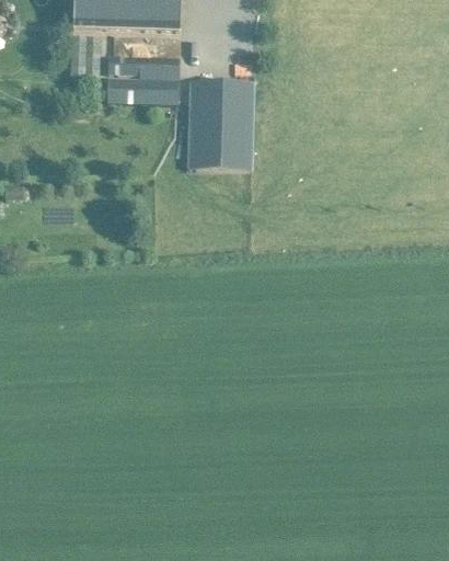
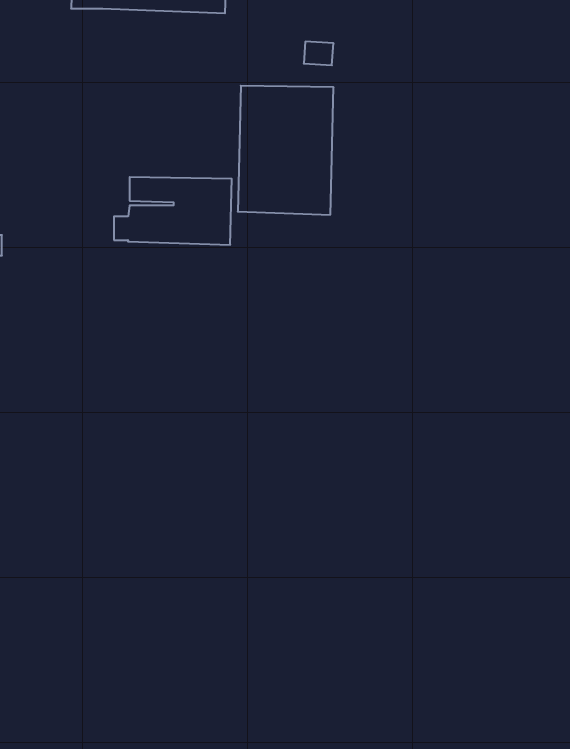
building: [97,56,180,103] -> [114,177,232,245]

